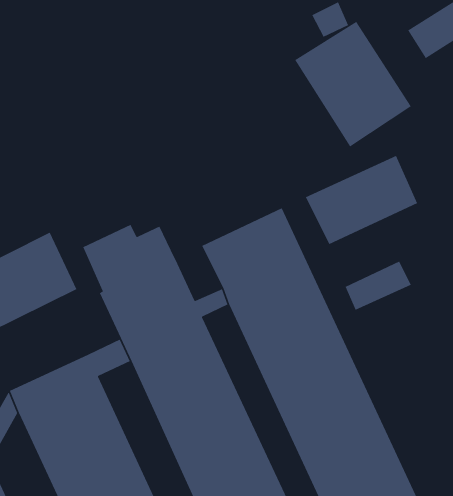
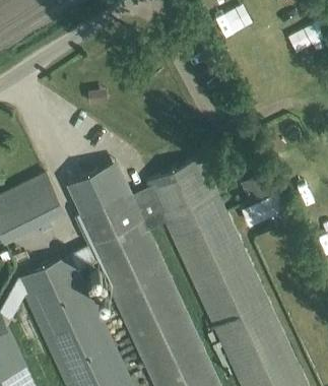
building: [294,21,412,148] -> none
building: [305,155,418,245] -> none

